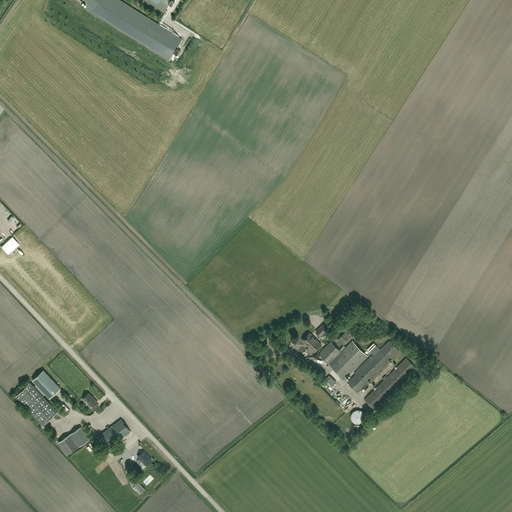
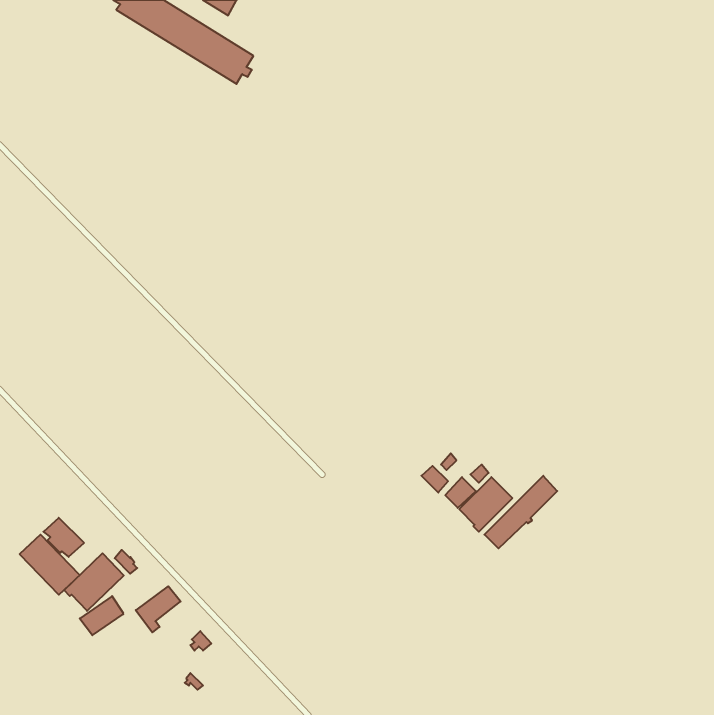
building: [363,358,415,410] -> none
building: none -> [64,553,124,611]

